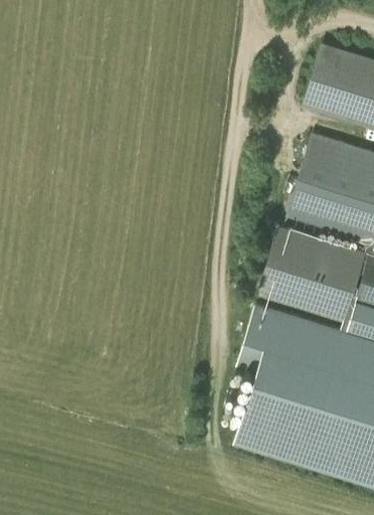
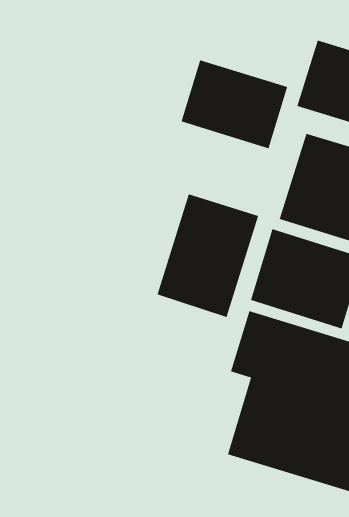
building: none -> [181,59,288,149]
building: none -> [157,194,259,318]

